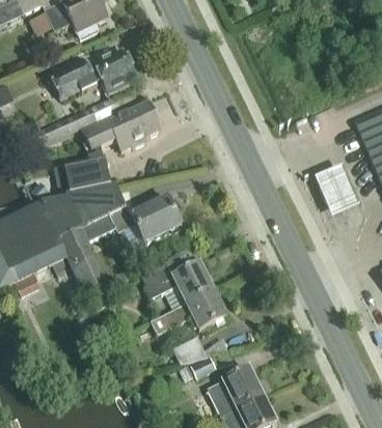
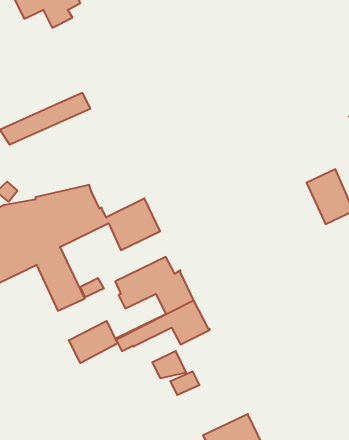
building: [48,50,136,98] -> none
building: [63,102,161,192] -> none
building: none -> [69,321,117,363]
building: [207,367,262,415] -> none

